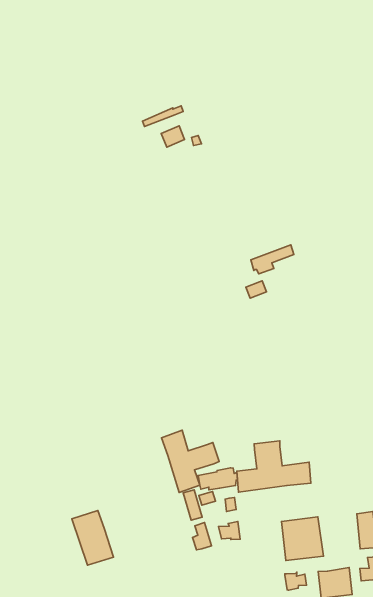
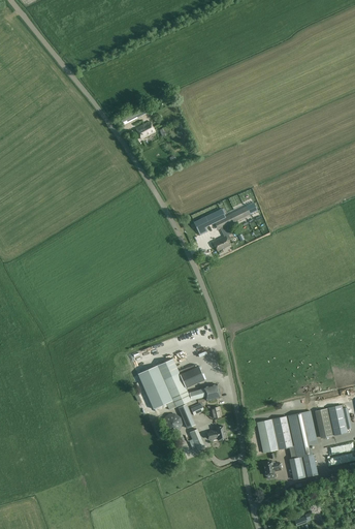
building: [237,441,311,492] -> none
building: [72,510,113,565] -> [139,365,174,408]
building: none -> [288,410,319,448]

